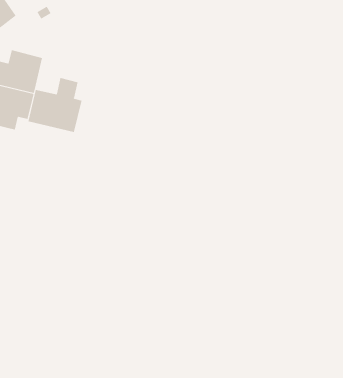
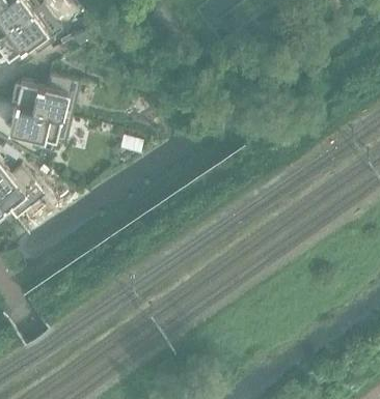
building: [28,77,82,133] -> none

